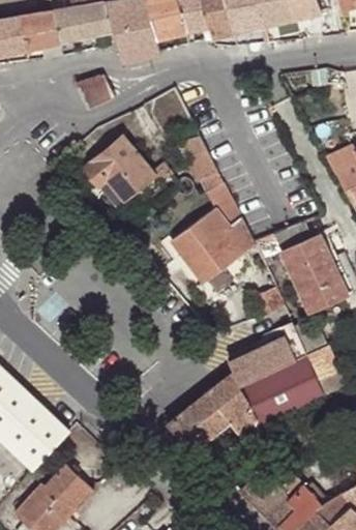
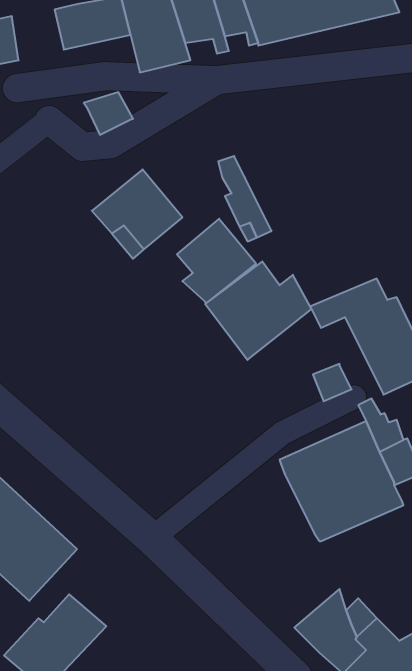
building: [21,11,61,51] -> none
building: none -> [177,219,256,303]
building: [167,373,256,448] -> none

